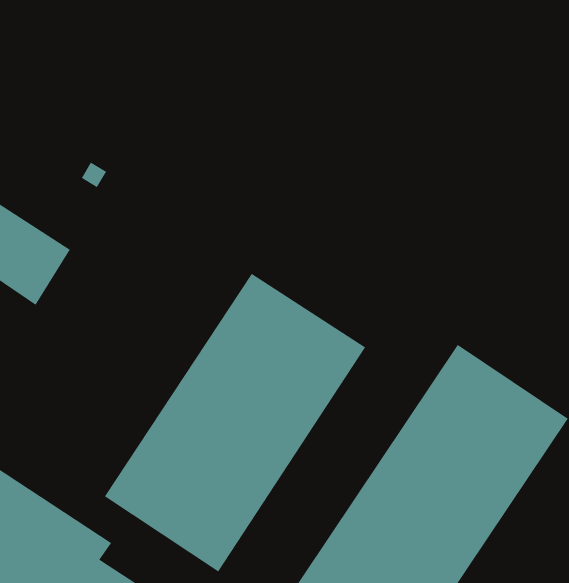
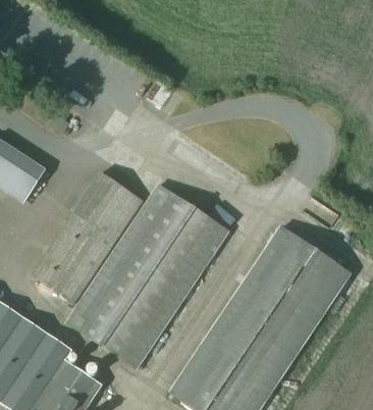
building: none -> [31,170,141,302]

